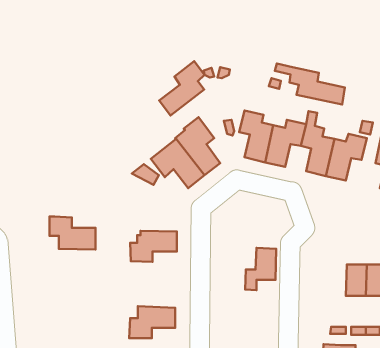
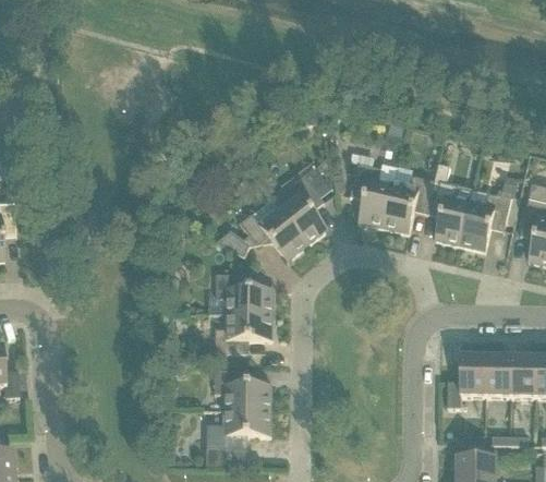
building: [159,61,205,116] -> none
building: [275,64,345,104] -> none
building: [49,217,95,250] -> [215,274,272,315]
building: [245,248,276,290] -> [447,356,486,409]
building: none -> [214,370,271,411]

